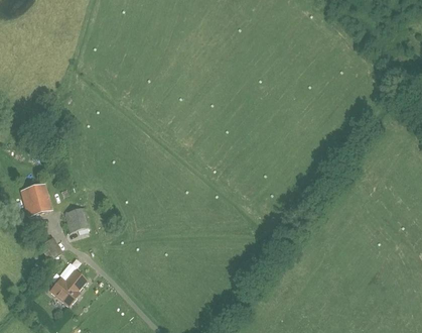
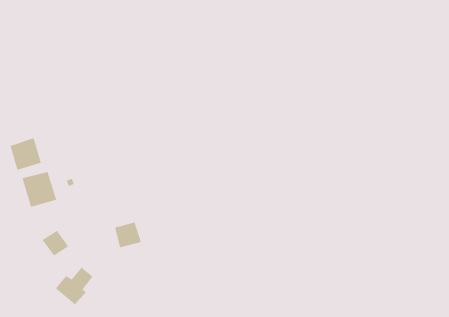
building: none -> [10,137,42,171]
building: [64,207,90,231] -> [114,222,142,248]

